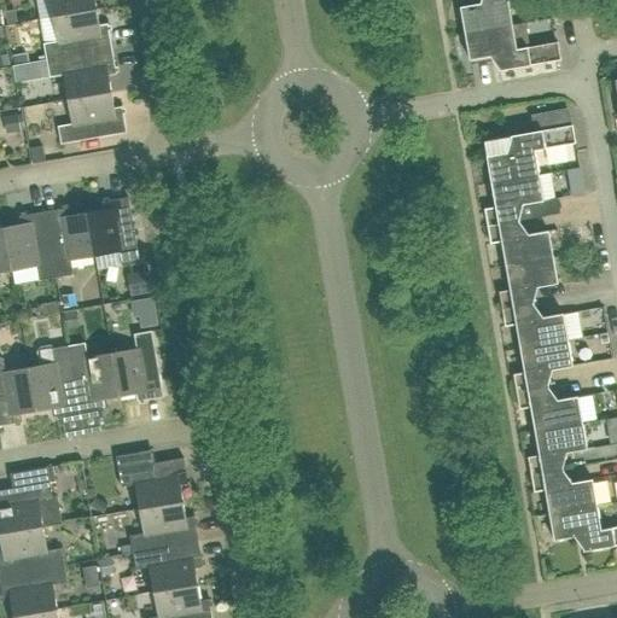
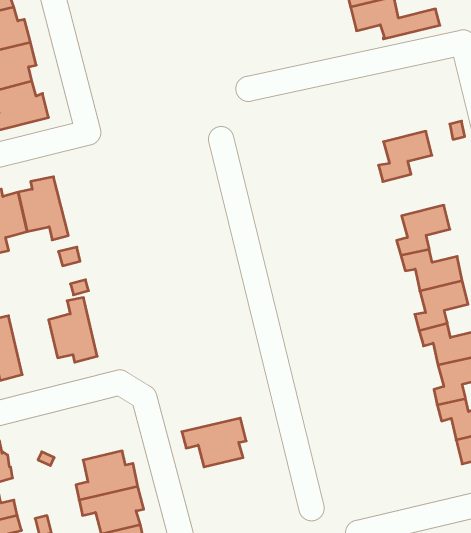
building: [483,124,575,182] -> none
building: [487,220,552,264] -> none
building: [68,342,118,410] -> none
building: [117,457,187,508] -> [182,418,246,467]

